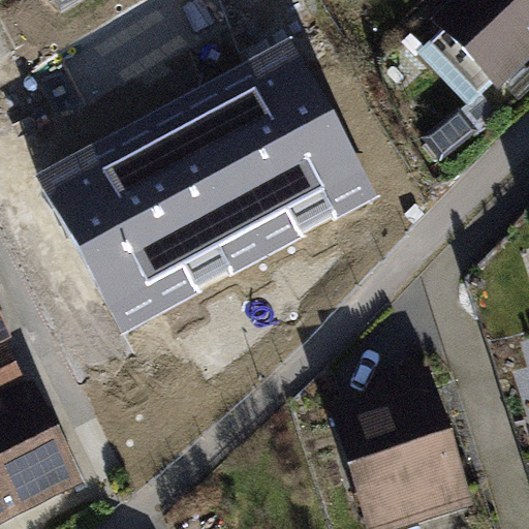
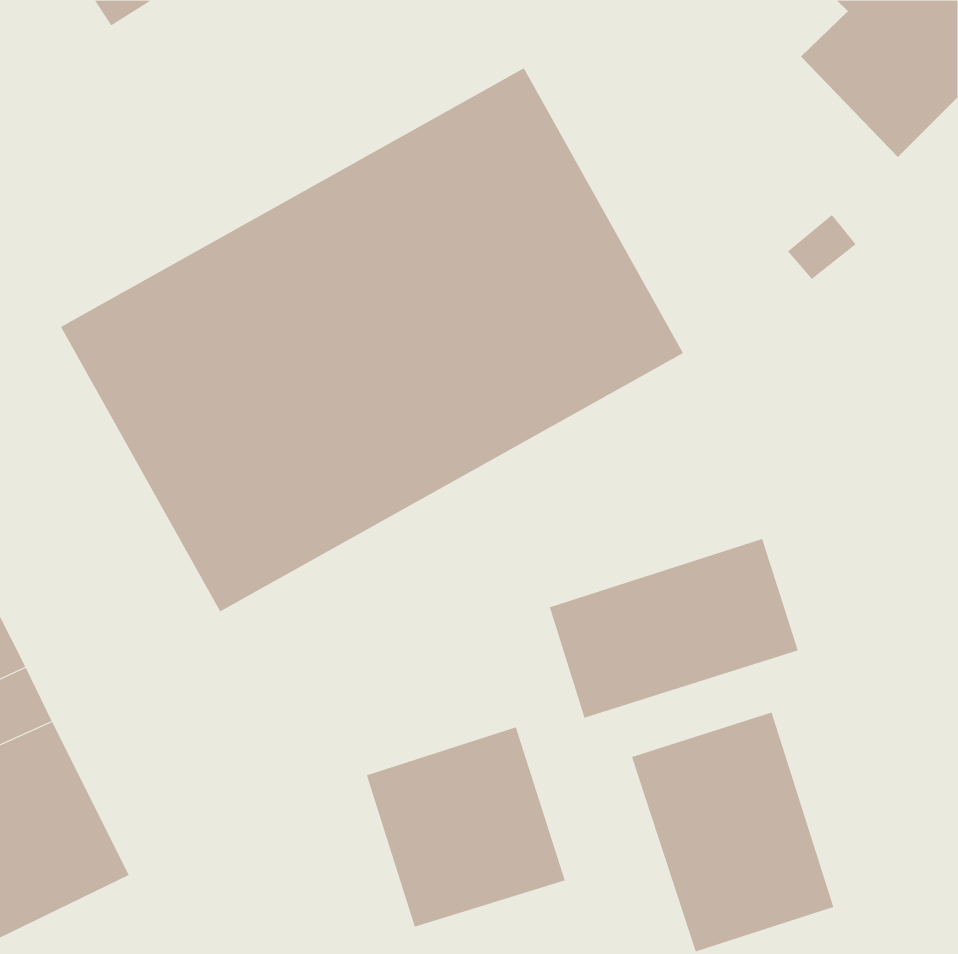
building: none -> [549,538,799,718]
building: none -> [366,726,565,928]

